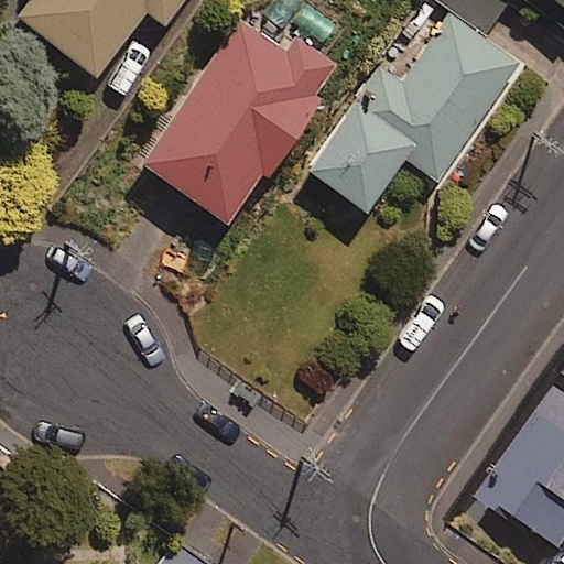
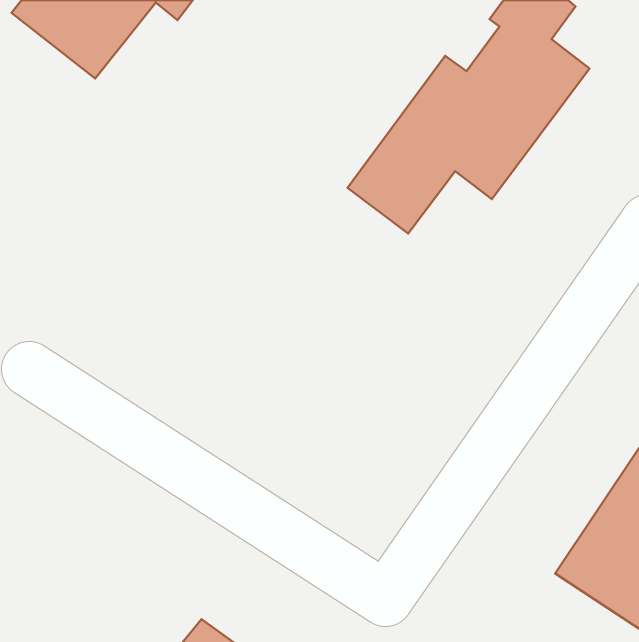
building: [142,24,339,220] -> none

